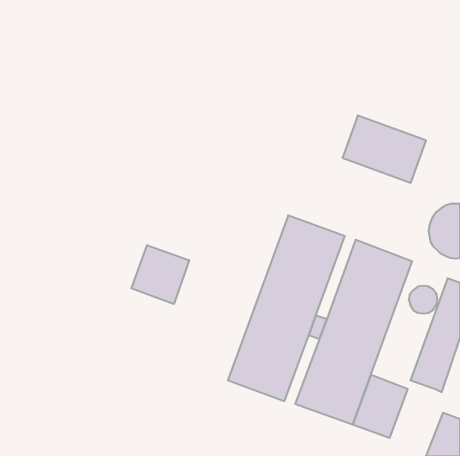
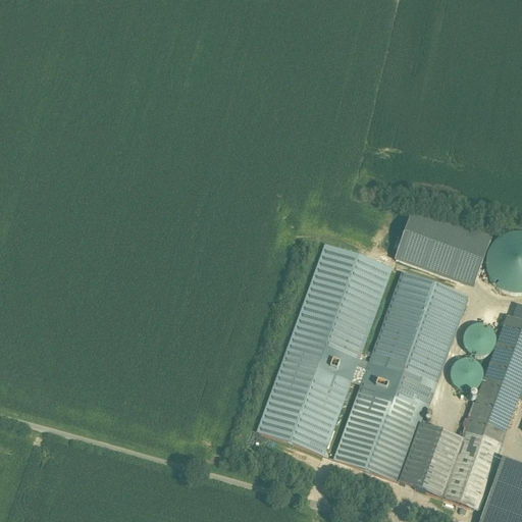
building: [342,115,426,183] -> [396,209,490,285]
building: [131,245,189,304] -> none
building: none -> [450,359,482,390]
building: none -> [441,430,493,507]

